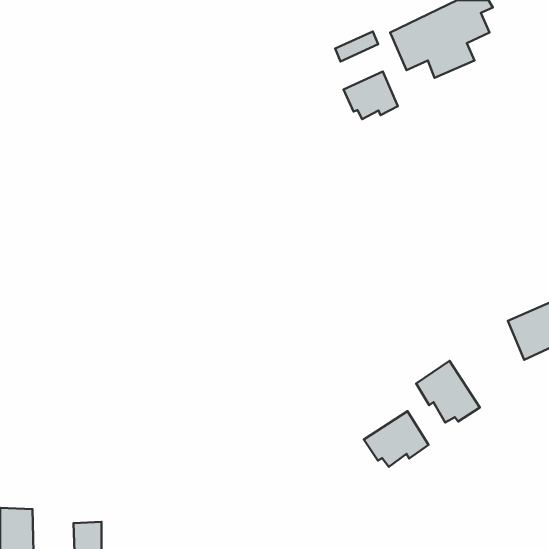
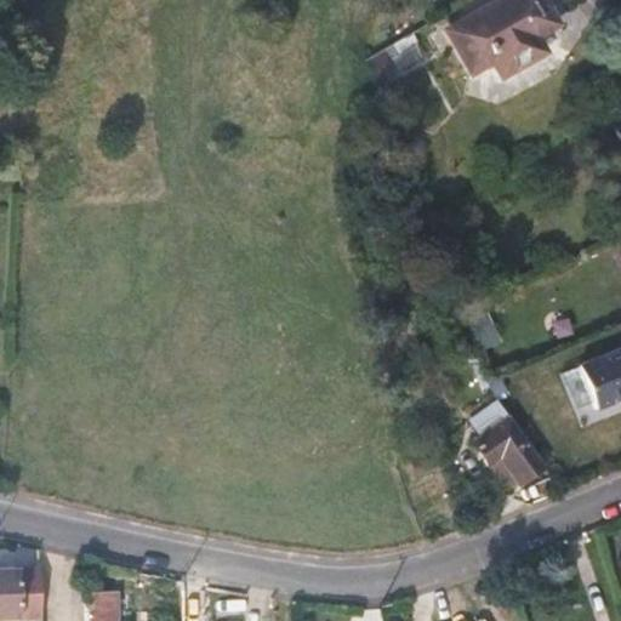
building: [343,72,398,119] -> none
building: [364,411,428,467] -> none

